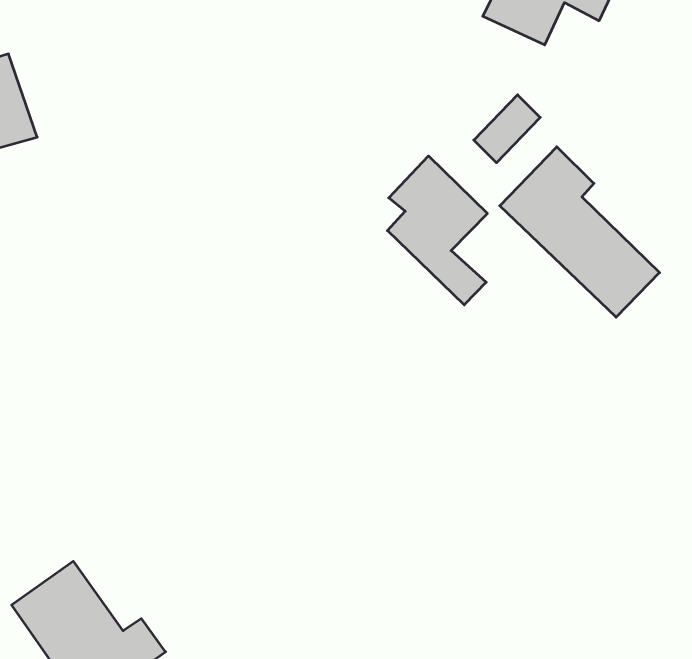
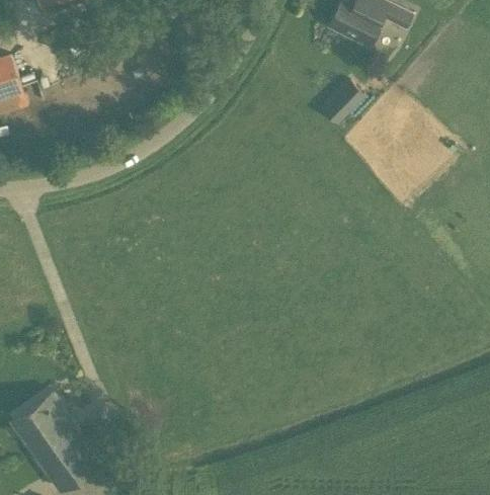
building: [500,147,660,317] -> none
building: [387,156,487,305] -> none

